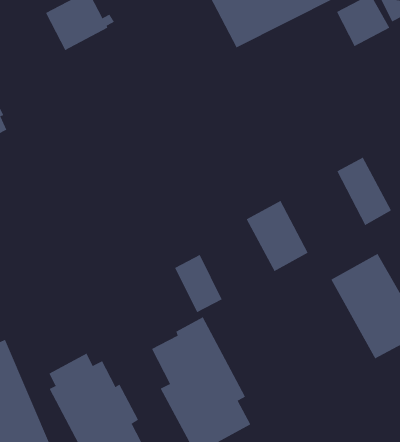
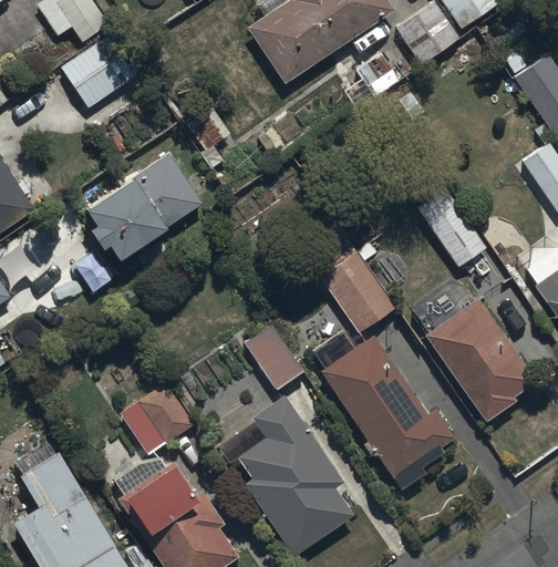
building: none -> [86,153,202,255]
building: none -> [310,328,456,489]
building: none -> [120,383,194,455]

